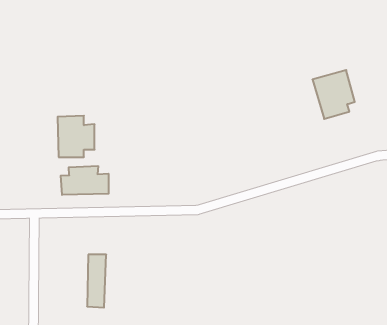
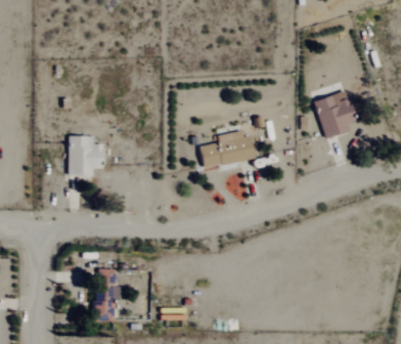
building: none -> [199,130,253,168]
building: [61,166,109,195] -> none

